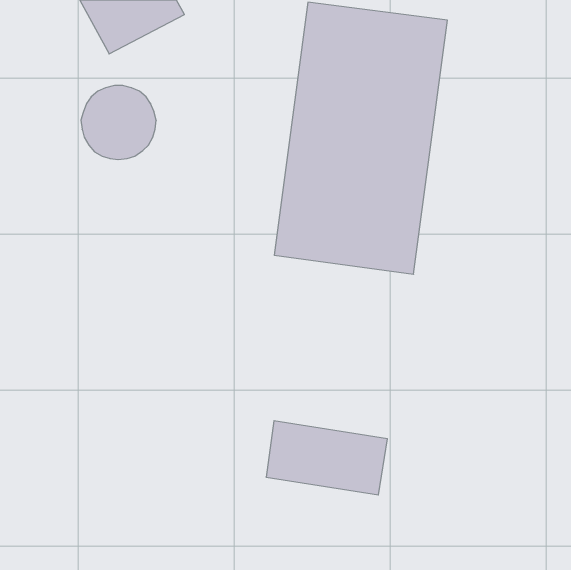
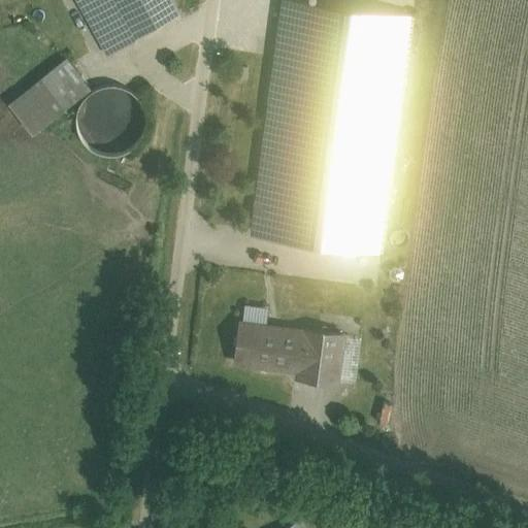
building: none -> [13,61,86,130]
building: [266,421,387,495] -> [236,316,348,384]

